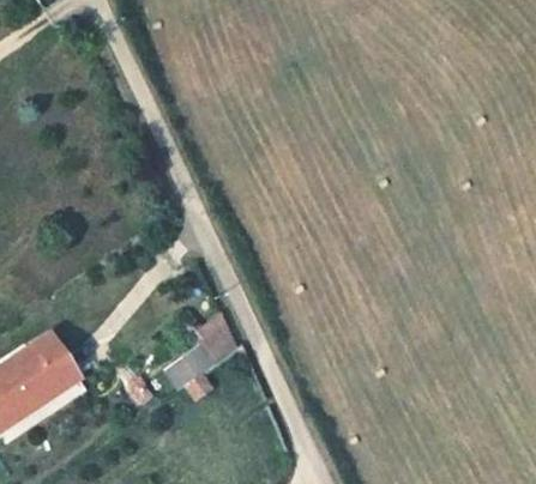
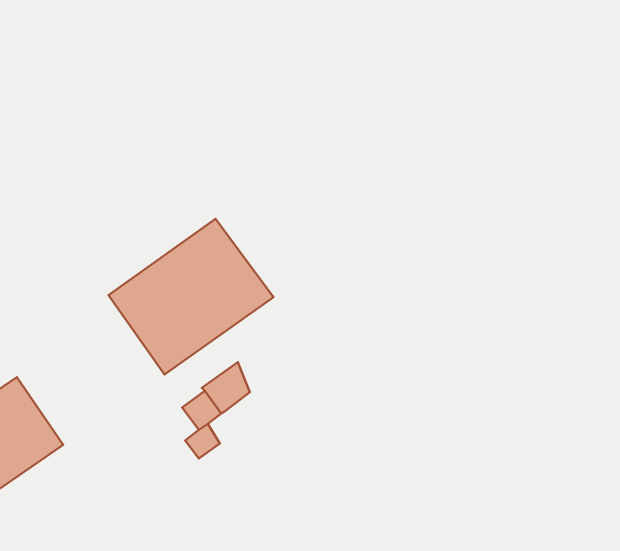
building: none -> [109,219,273,374]

